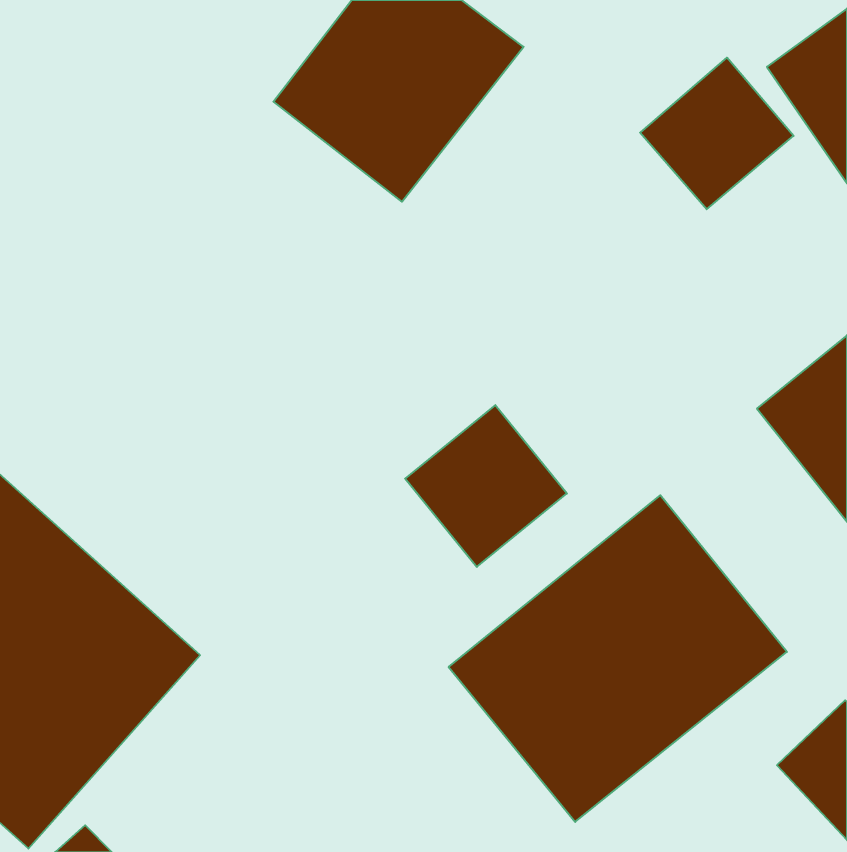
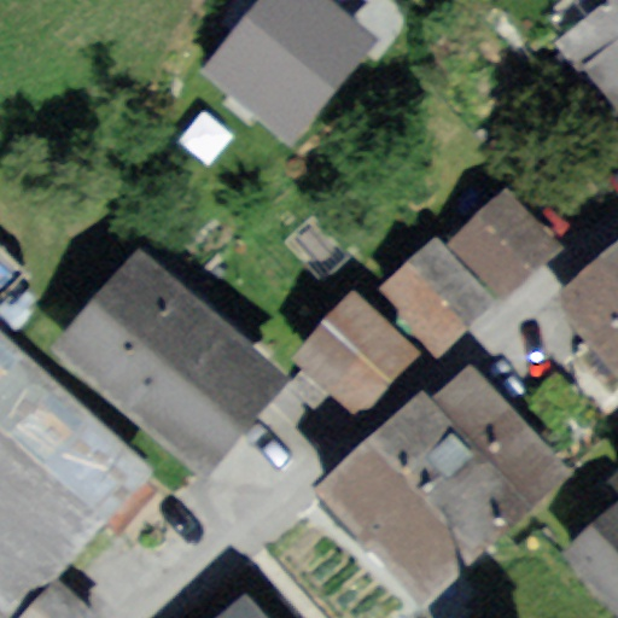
building: [640,58,794,209] -> [460,179,571,288]
building: none -> [52,237,298,482]
building: none -> [378,239,491,352]

